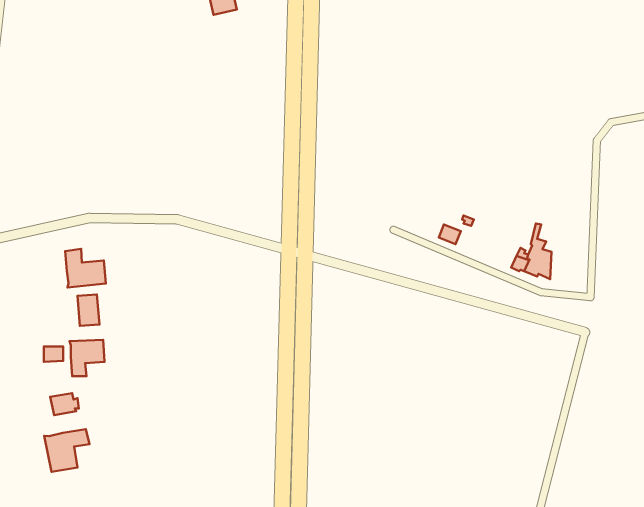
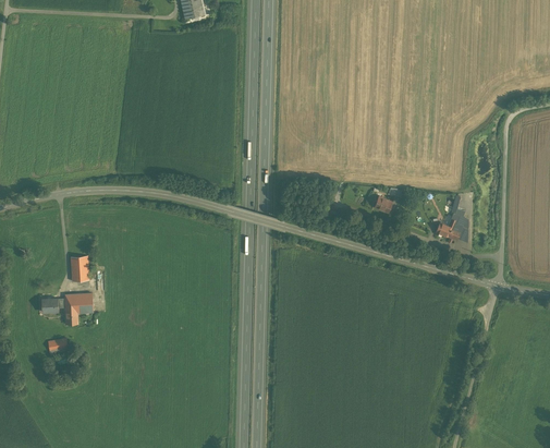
building: [65,249,106,288] -> none
building: [44,429,89,472] -> none

